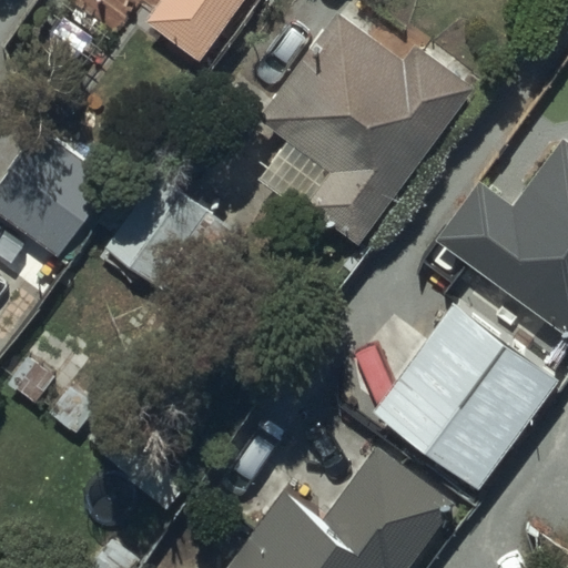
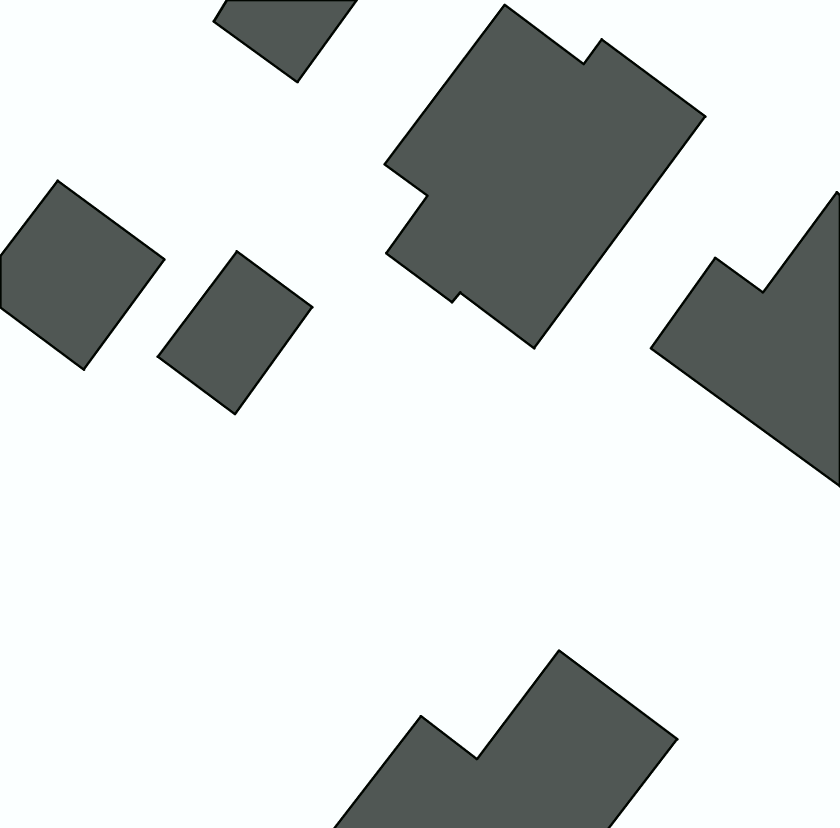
building: [373,304,558,490] -> none

